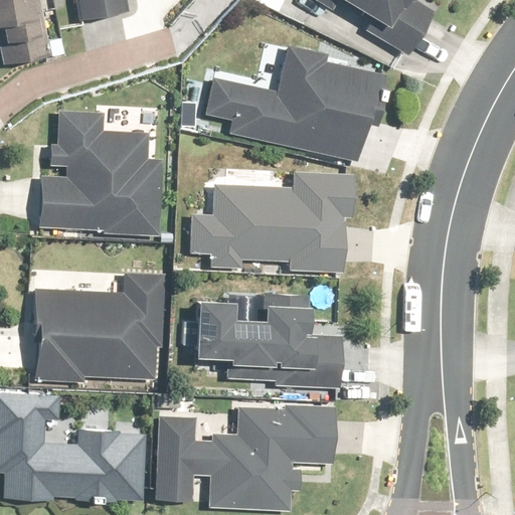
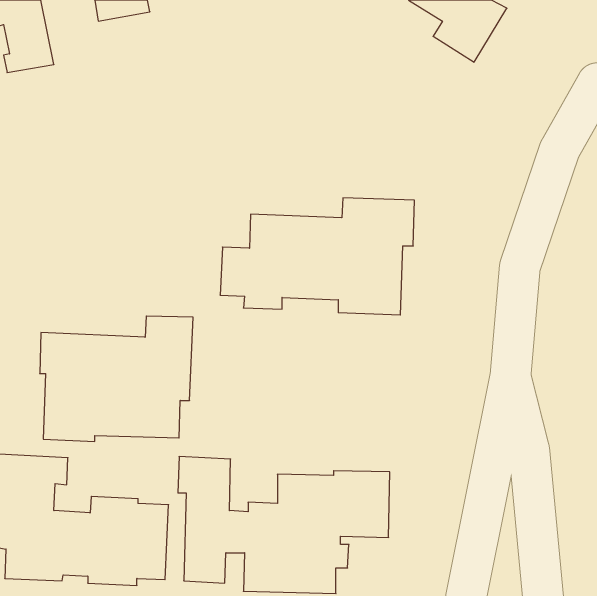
building: [205,43,374,161] -> none
building: [39,113,162,236] -> none
building: [197,294,345,372] -> none

